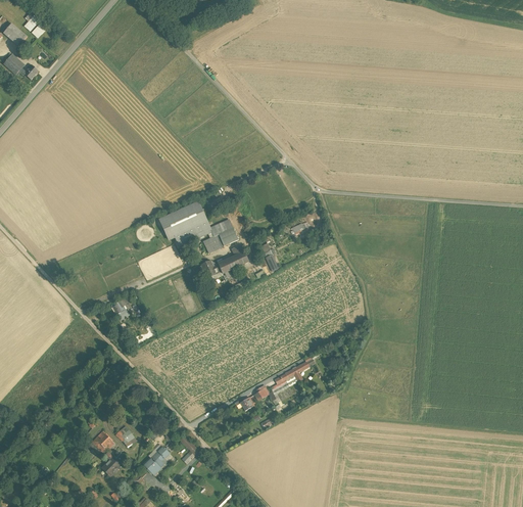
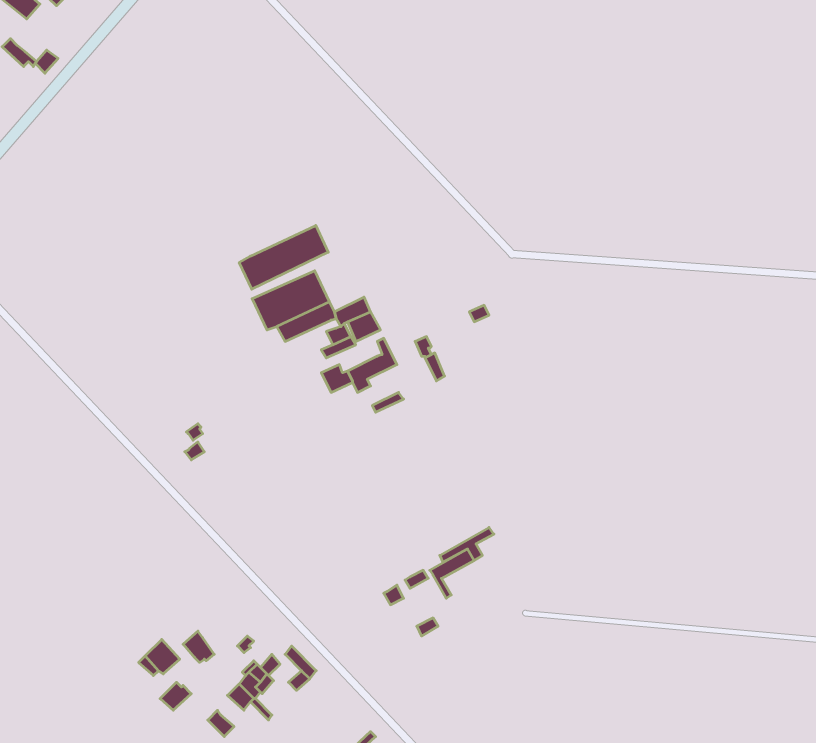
building: none -> [239,225,328,289]

